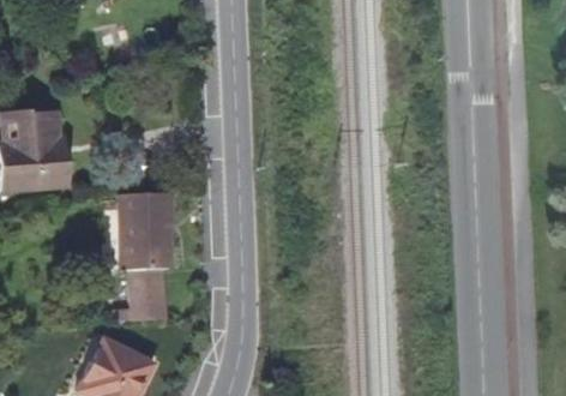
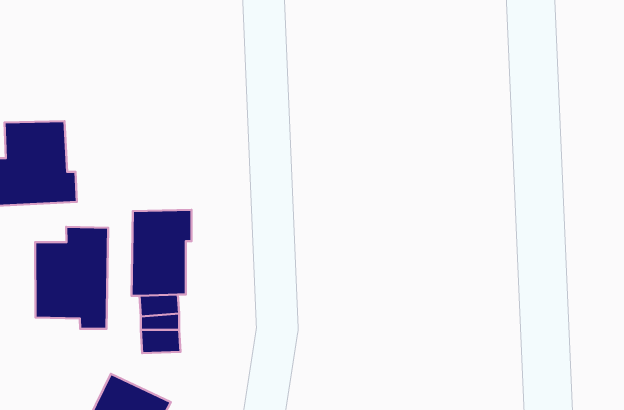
building: none -> [35,227,108,329]

